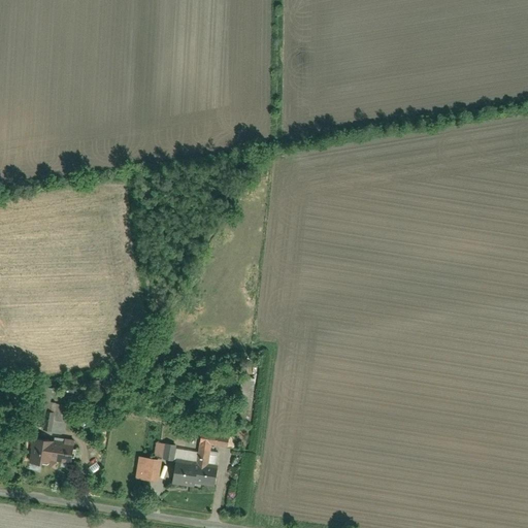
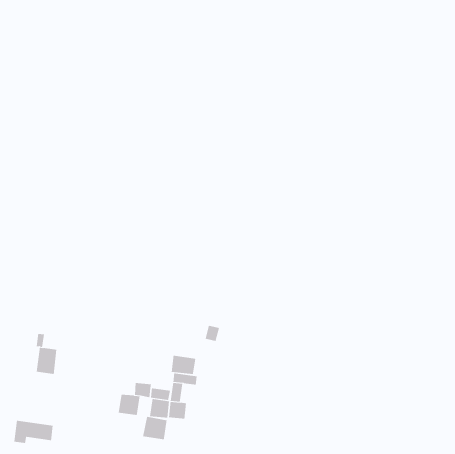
building: none -> [171,355,196,375]
building: [28,439,74,466] -> [13,420,54,444]
building: none -> [142,416,167,440]

